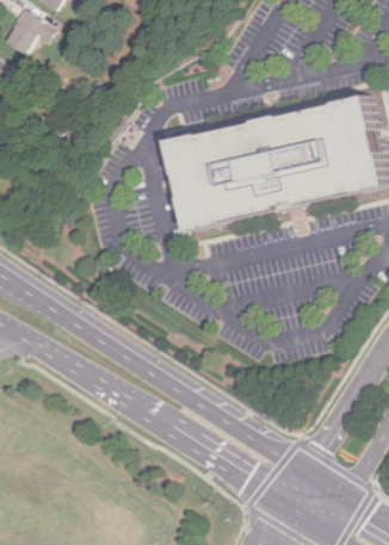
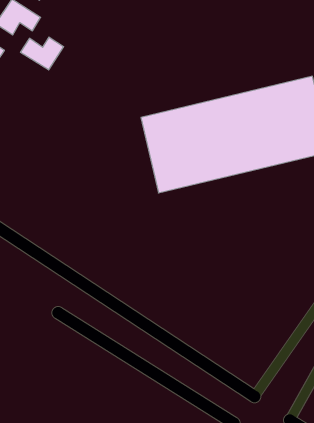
building: none -> [21,37,64,70]

